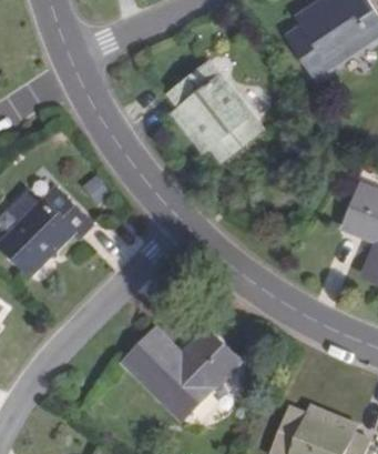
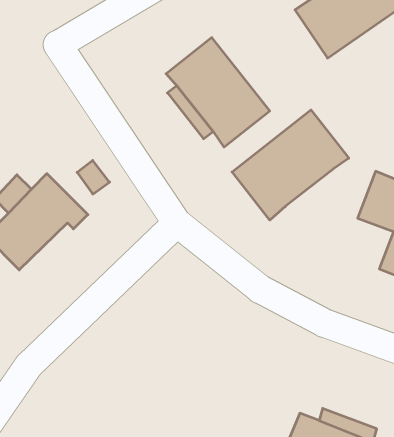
building: none -> [232,110,349,220]
building: [124,330,238,420] -> none

